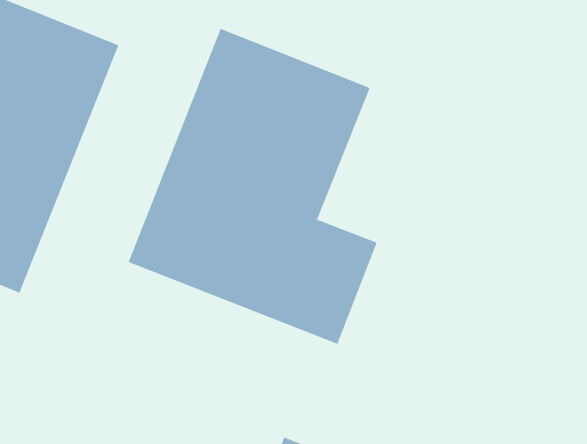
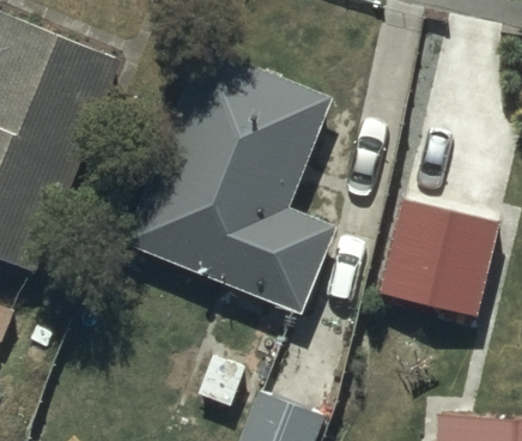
building: none -> [387,219,502,332]

